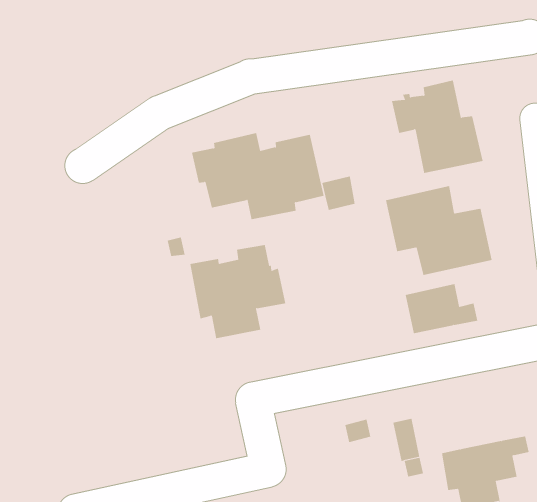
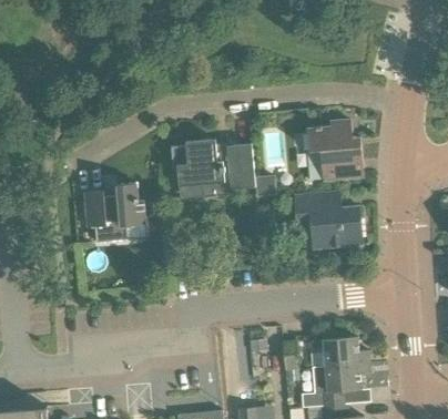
building: [190,244,286,339] -> [84,184,145,243]
building: [405,284,478,334] -> [323,337,369,367]

